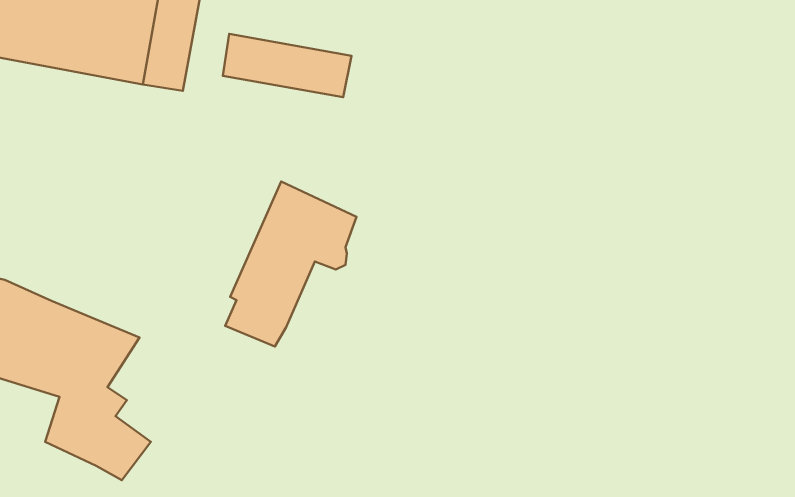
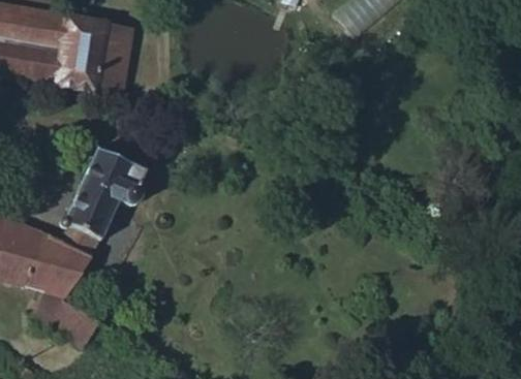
building: [223,34,351,97] -> none
building: [225,181,357,347] -> [60,147,145,253]

